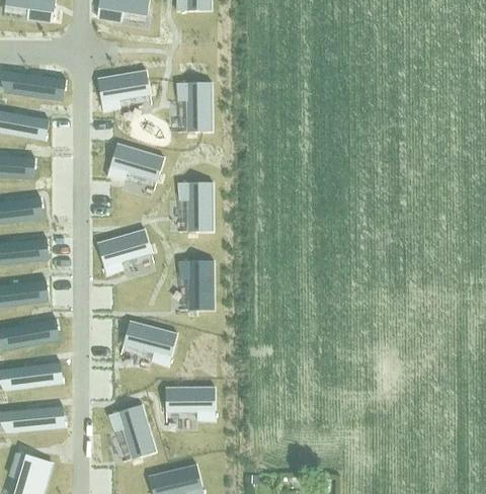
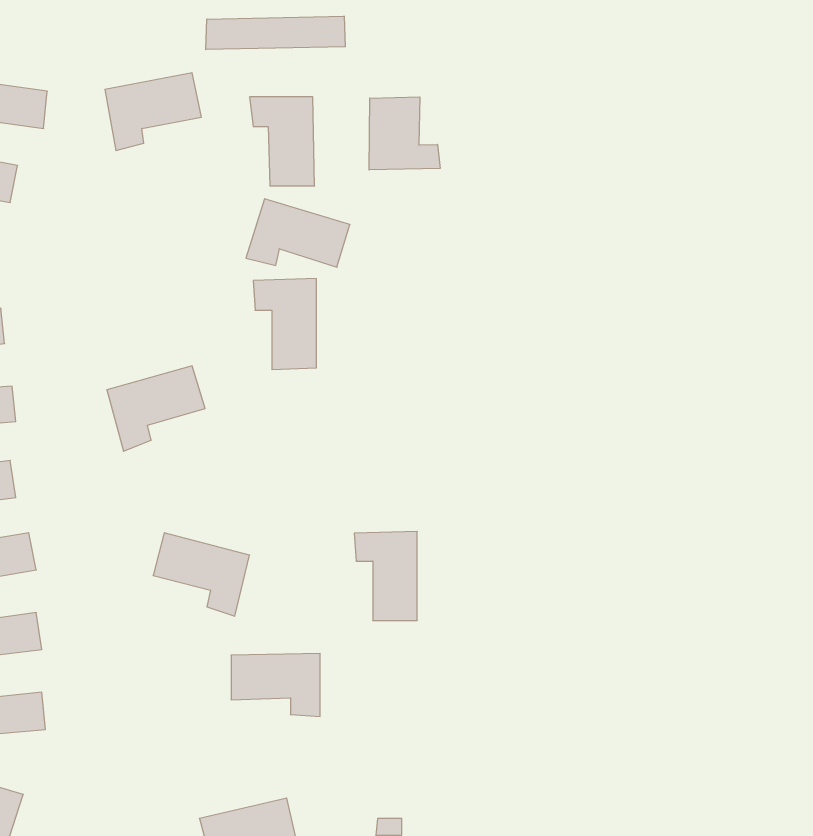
building: none -> [206,16,345,50]
building: none -> [369,97,440,170]
building: [106,143,163,180] -> [246,199,350,267]
building: [178,260,213,309] -> [354,531,417,620]
building: [108,404,155,458] -> none

